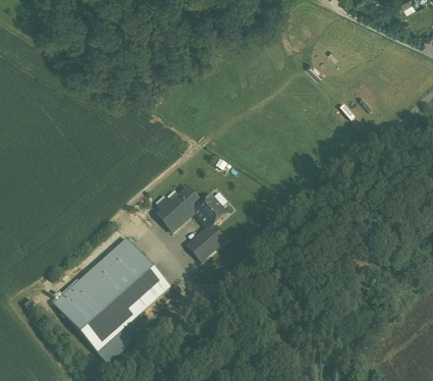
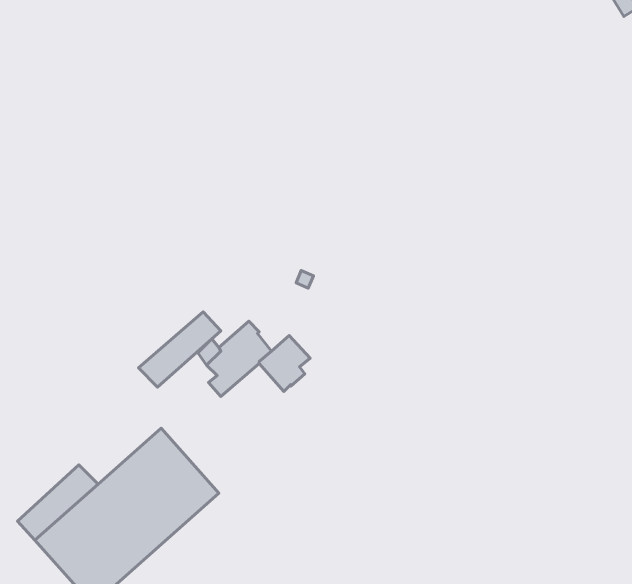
building: [186,224,224,261] -> none
building: [88,238,136,282] -> [138,312,221,387]

